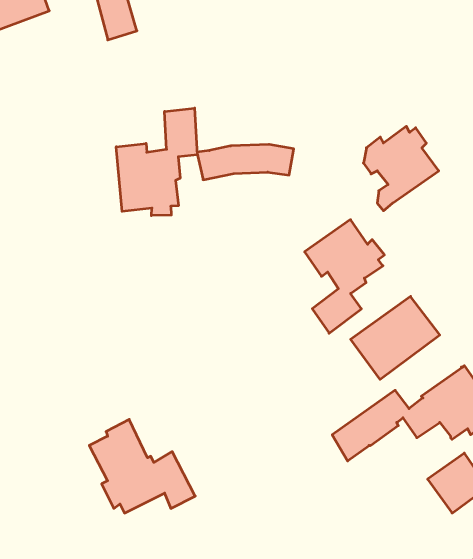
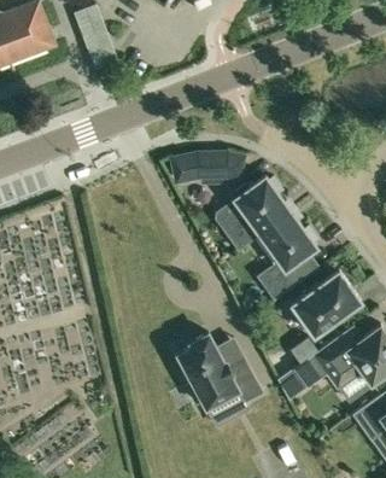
building: [116,108,197,216] -> none
building: [363,126,439,211] -> [230,175,290,241]
building: [89,419,195,513] -> [186,330,269,403]

